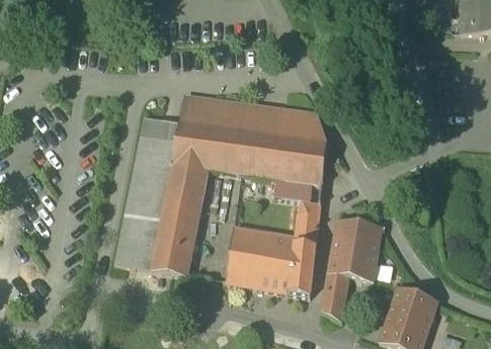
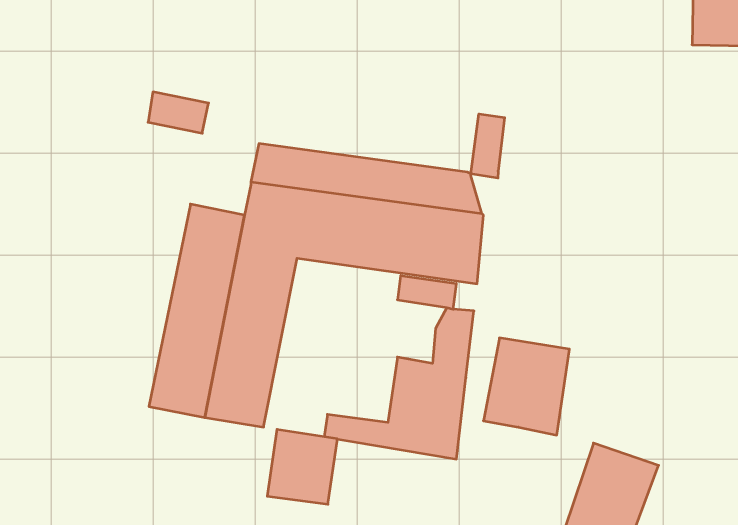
building: none -> [471,114,505,178]
building: [141,114,179,141] -> [148,92,209,133]
building: [228,225,272,272] -> [267,429,337,504]
building: [321,271,349,319] -> none

